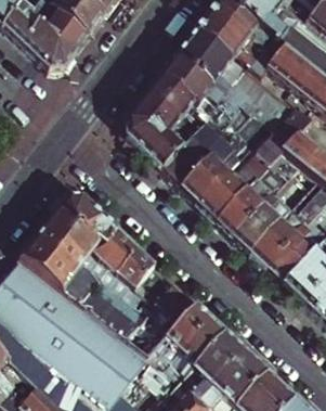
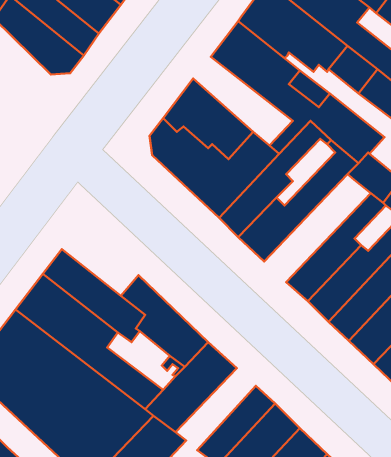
building: [161,55,240,126] -> none
building: [218,154,302,234] -> none
building: [57,195,118,245] -> none
building: [147,303,211,368] -> none

